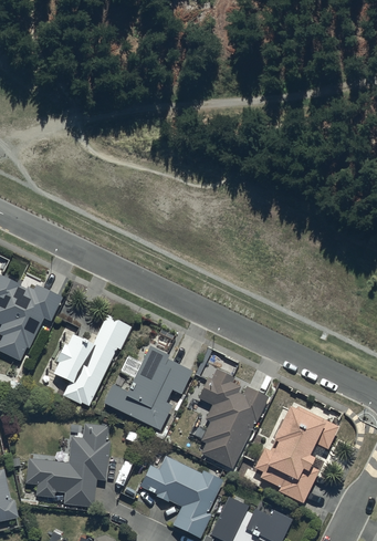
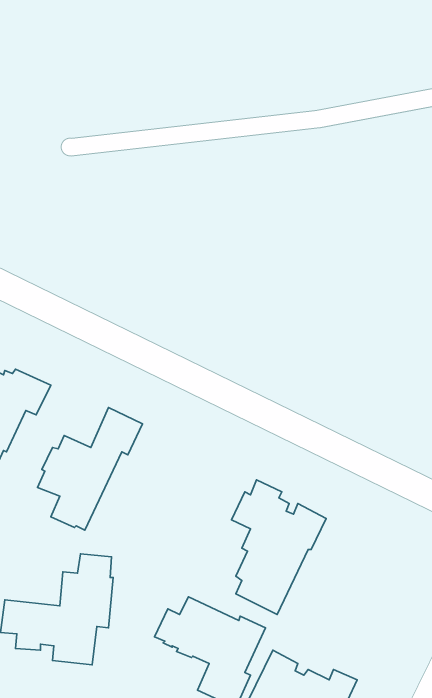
building: [103,346,192,430] -> none
building: [253,405,338,503] -> none

